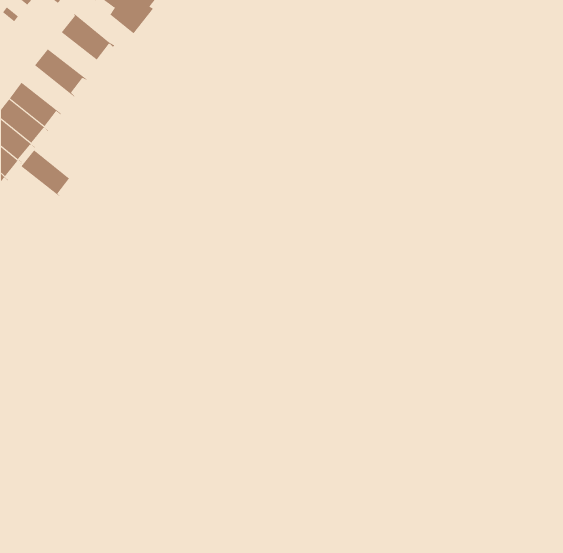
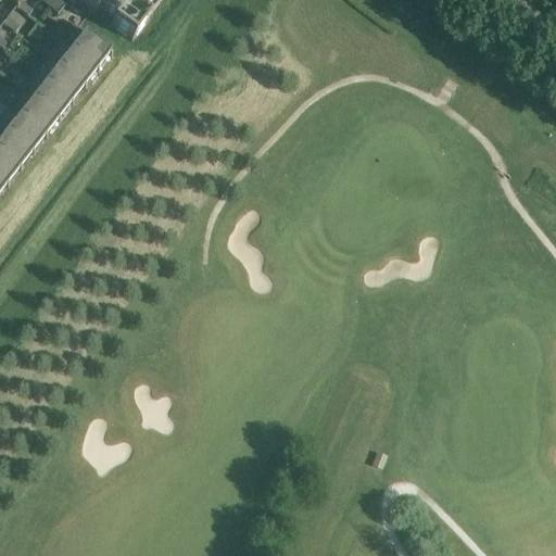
building: none -> [49,31,101,78]
building: [20,150,73,198] -> [23,64,75,112]

